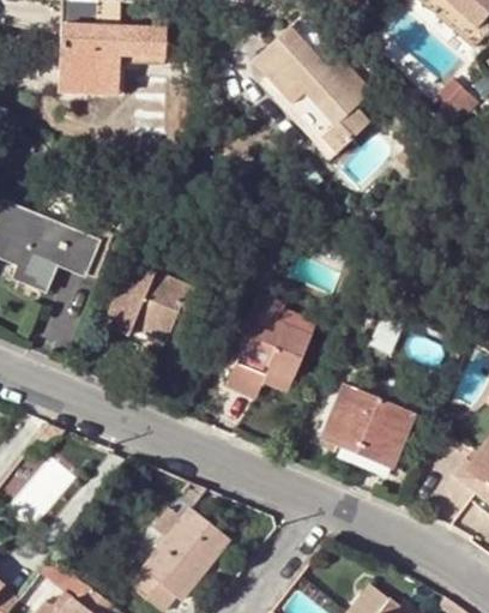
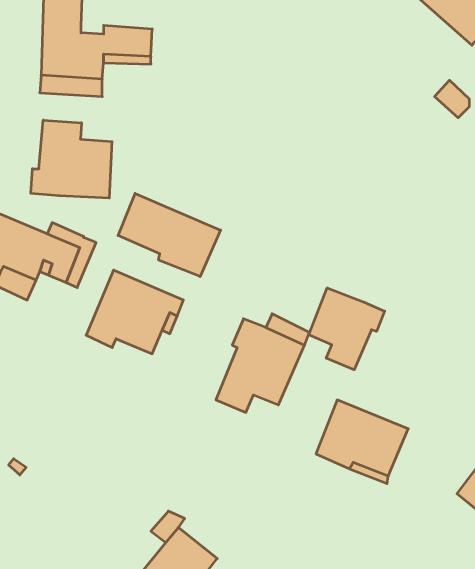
building: [254,29,372,154] -> none
building: none -> [31,120,112,198]
building: none -> [118,193,221,277]
building: none -> [309,288,385,370]

